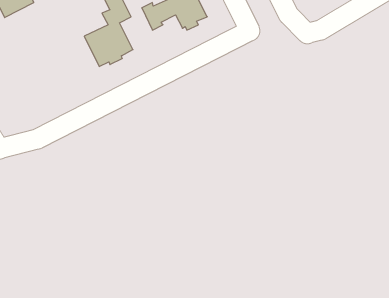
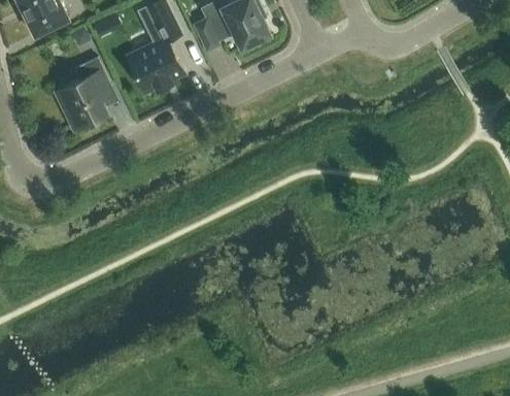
building: none -> [63,58,114,131]

